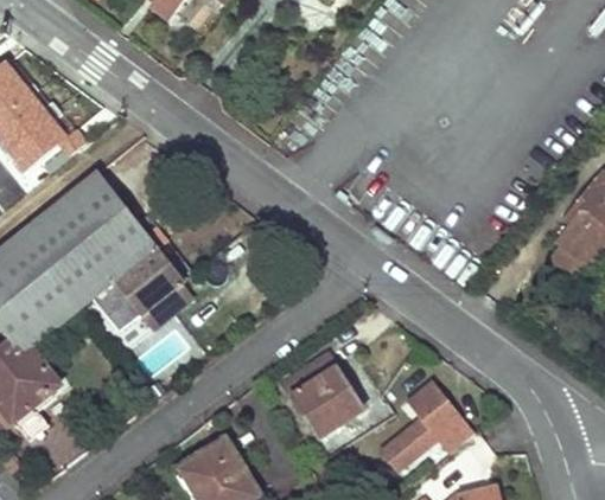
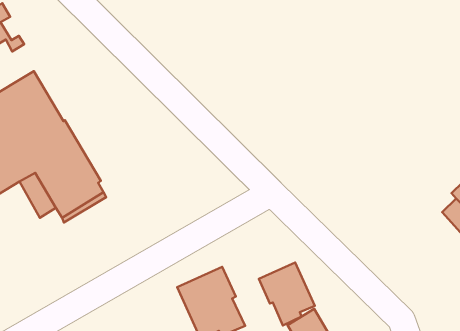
building: none -> [259,262,315,325]

